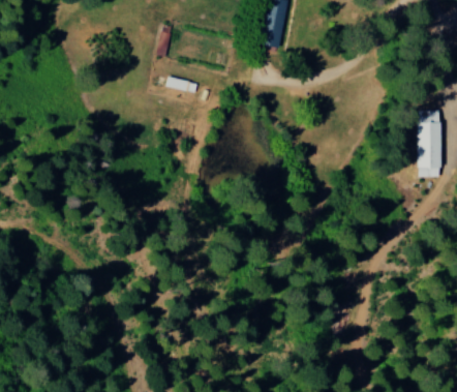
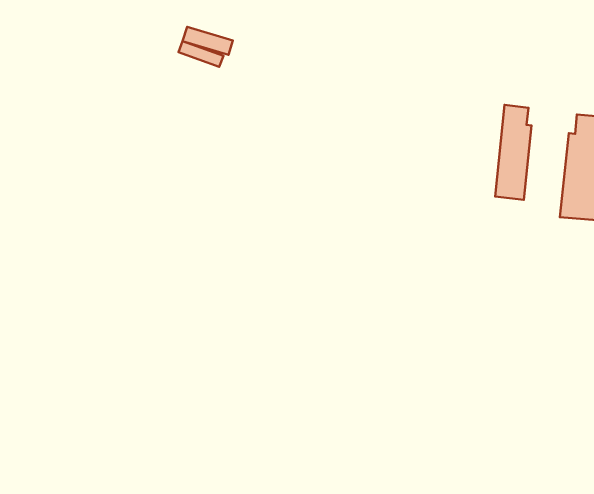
building: none -> [495,105,531,200]

